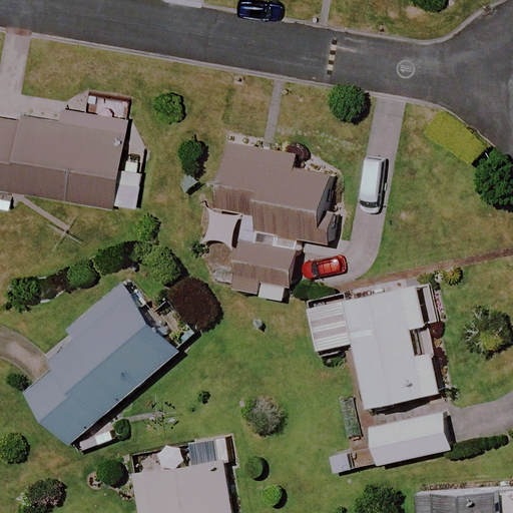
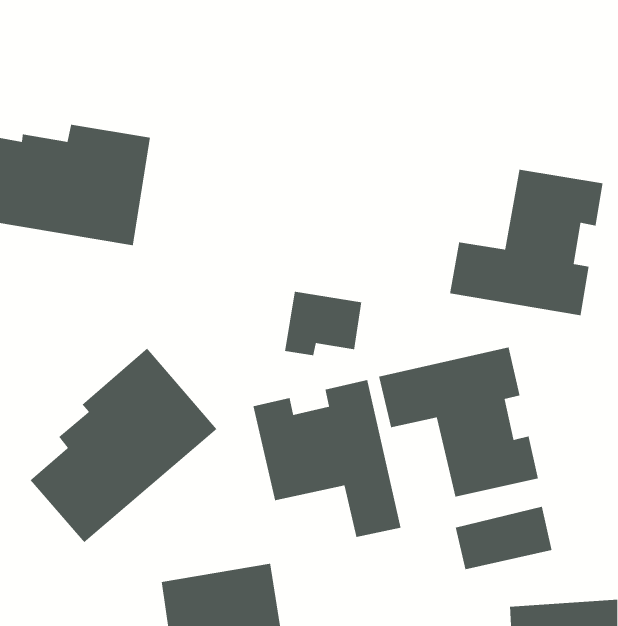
building: none -> [449,169,604,316]
building: [214,145,330,244] -> none
building: none -> [252,379,401,538]

